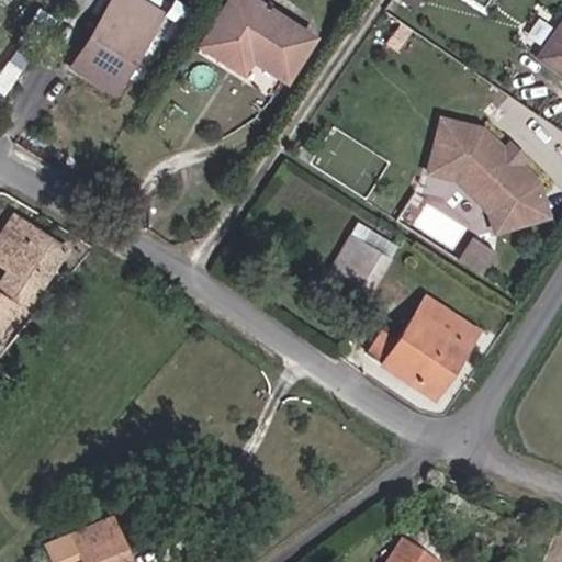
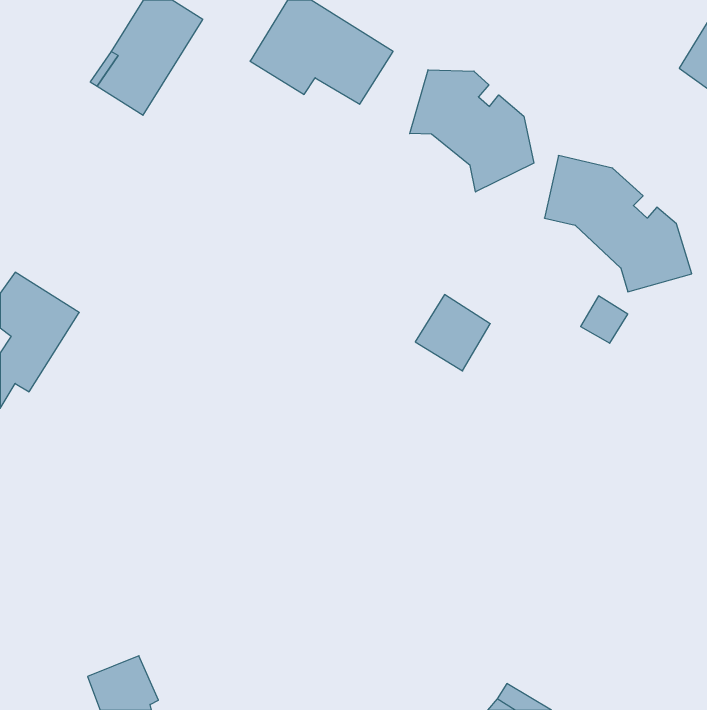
building: none -> [410,70,534,192]
building: [369,293,477,396] -> none

